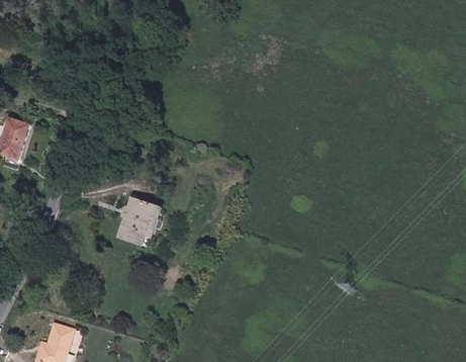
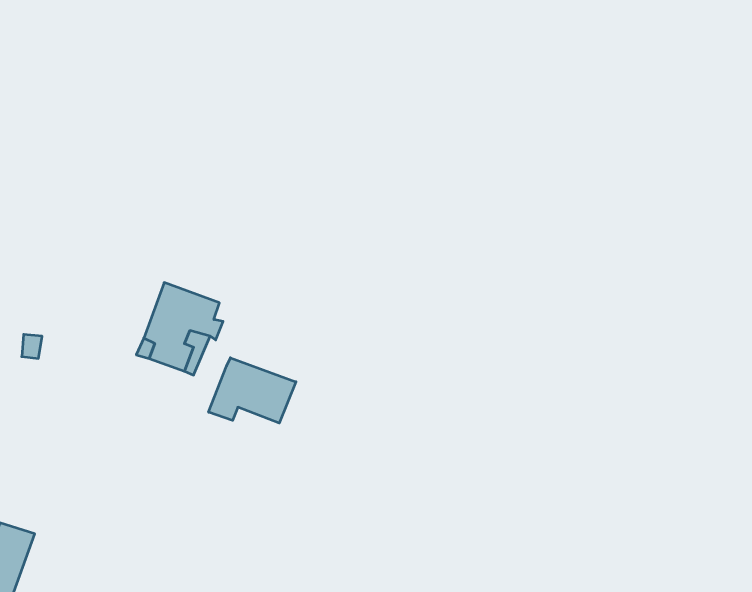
building: none -> [209,358,296,423]

